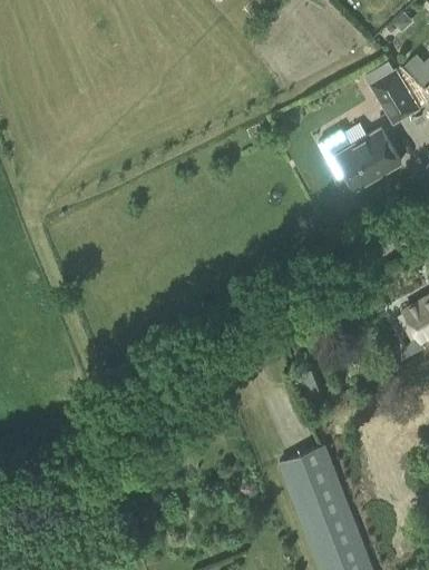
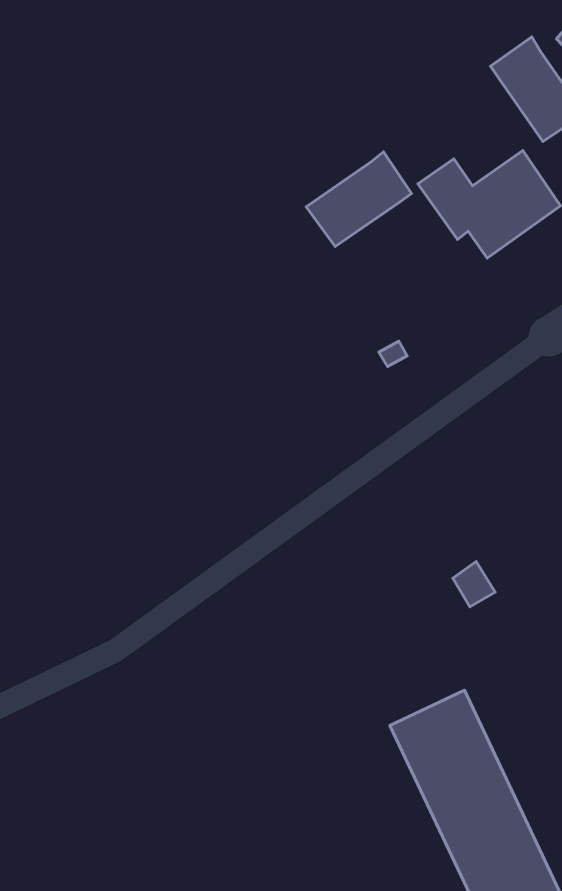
building: none -> [306,152,412,247]

